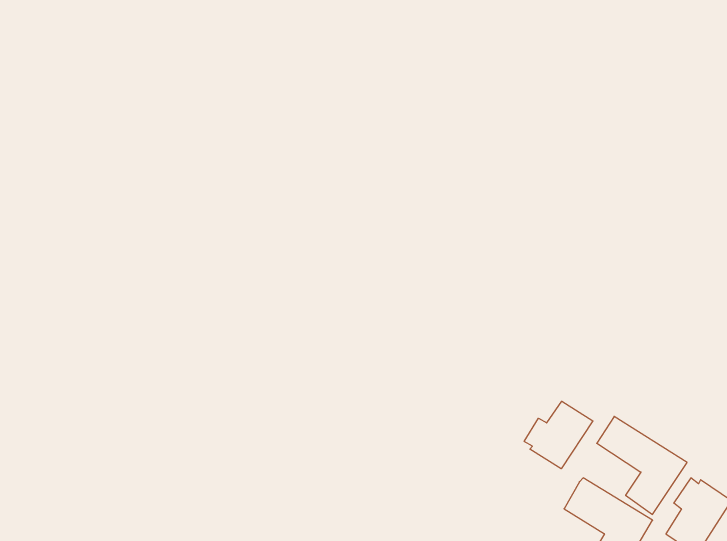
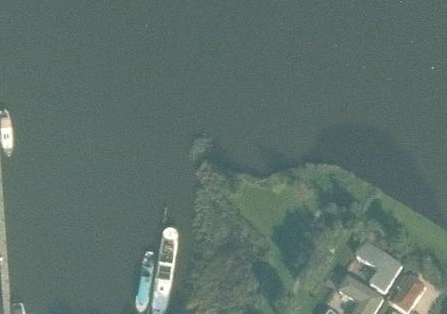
building: [524,401,593,469] -> none

